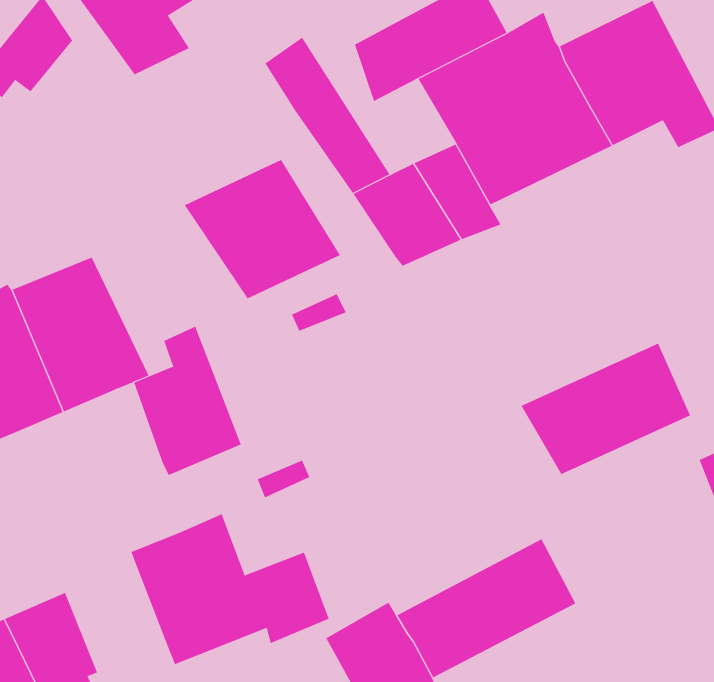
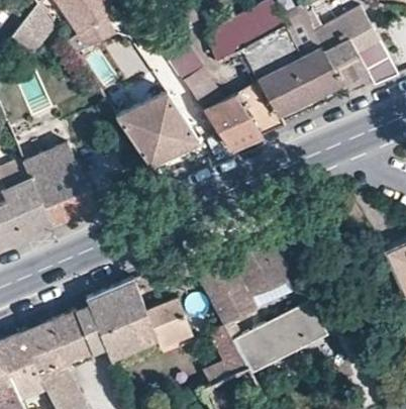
building: [134,326,242,476] -> none
building: [521,343,691,475] -> [198,247,288,317]
building: none -> [53,305,106,364]

